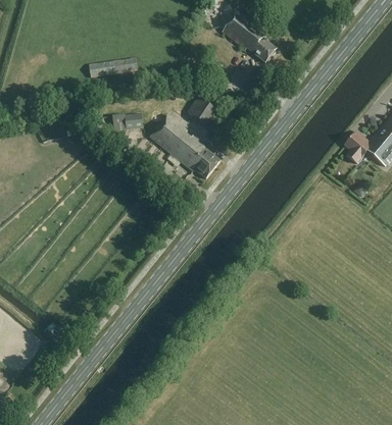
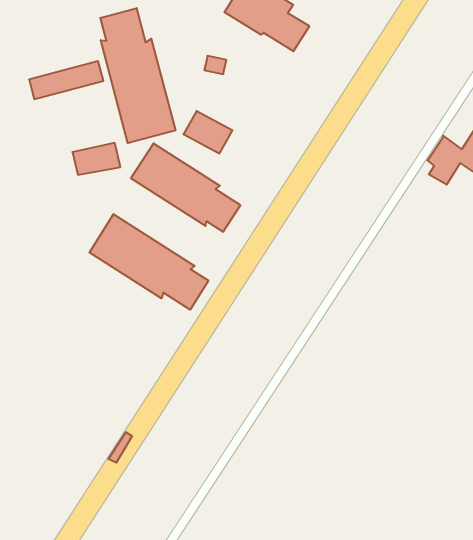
building: none -> [100,8,175,143]
building: none -> [89,214,208,310]

